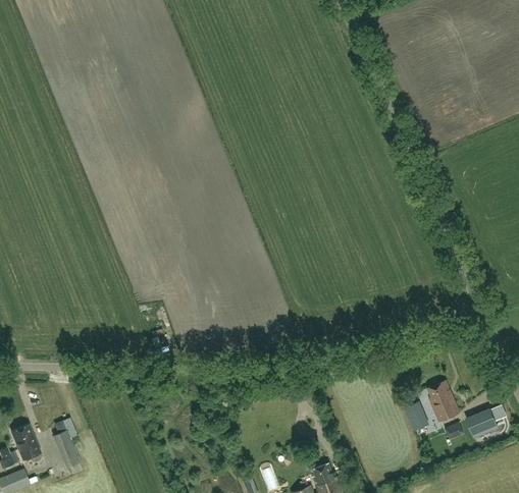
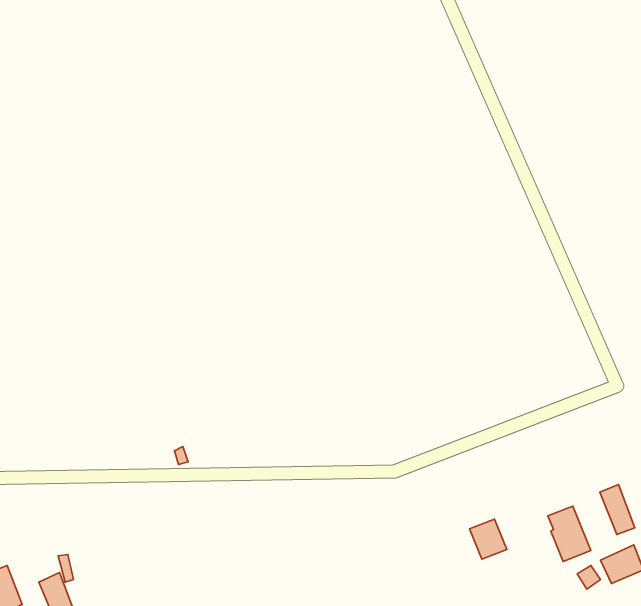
building: none -> [600,485,635,535]
building: [403,401,430,431] -> [469,519,507,559]

